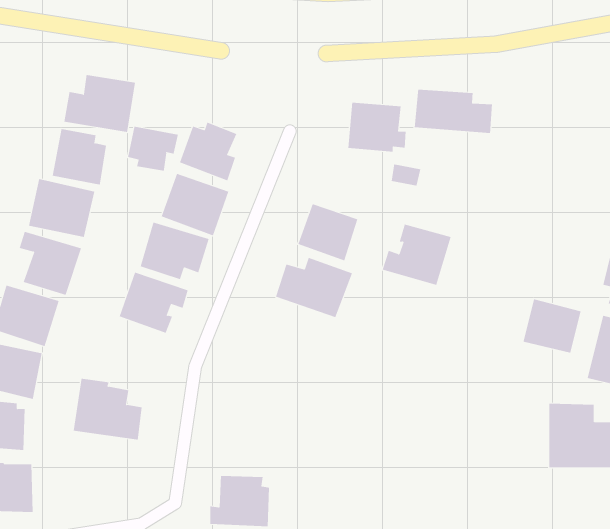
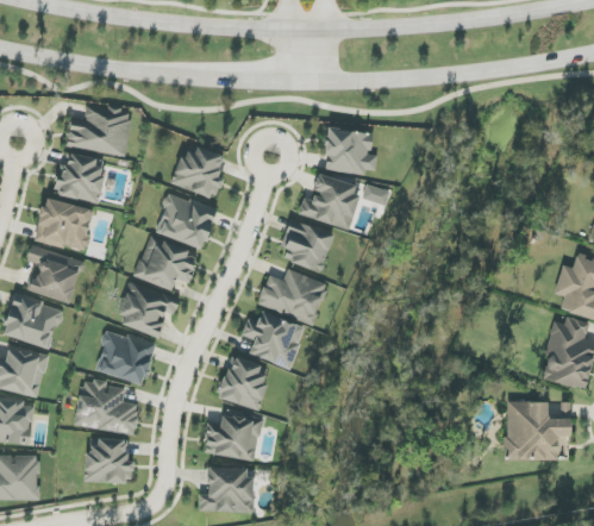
building: [414,89,493,134] -> none
building: [128,126,178,172] -> none
building: [382,224,451,286] -> [298,174,361,230]
building: [523,298,581,353] -> none
building: none -> [242,312,305,369]
building: none -> [95,330,155,384]
building: none -> [218,358,270,409]
building: none -> [204,414,262,461]
building: none -> [85,438,133,483]

